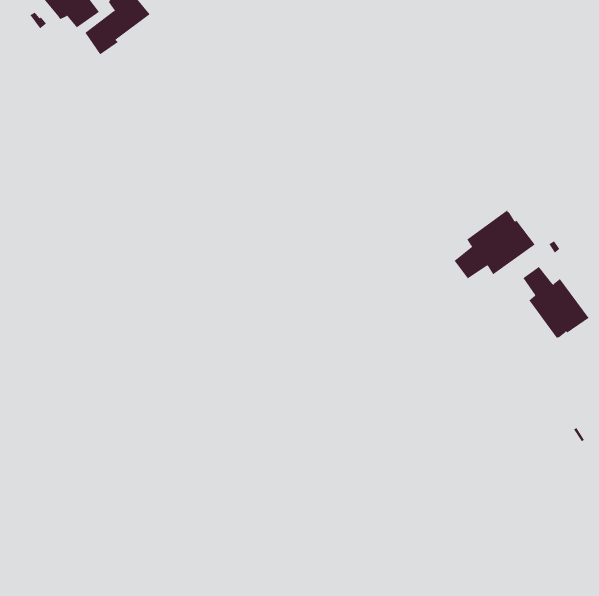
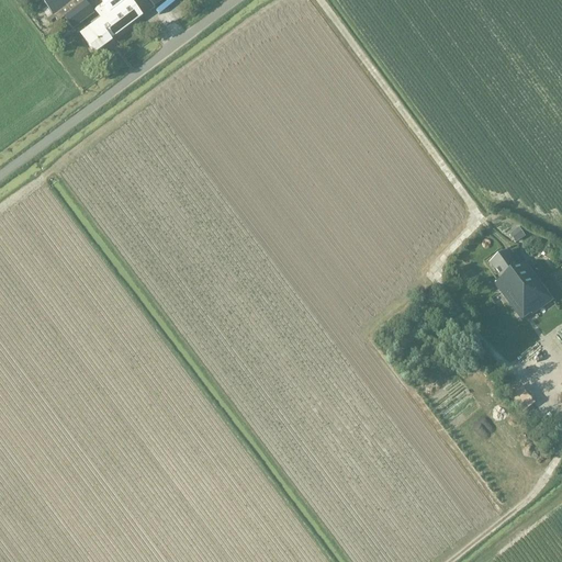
building: [454,210,536,279] -> none

